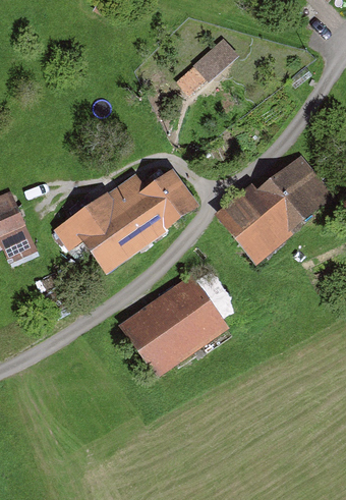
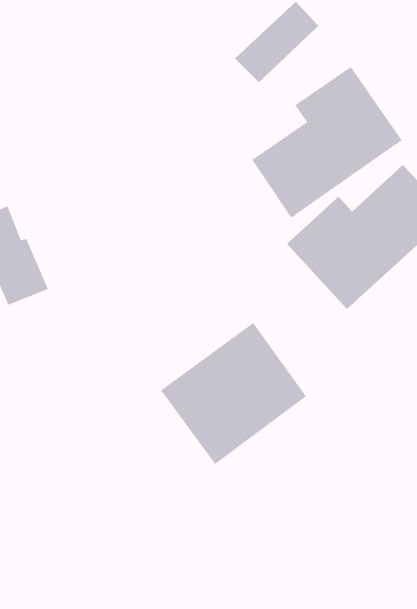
building: none -> [252,66,402,218]
building: [53,169,199,273] -> none

